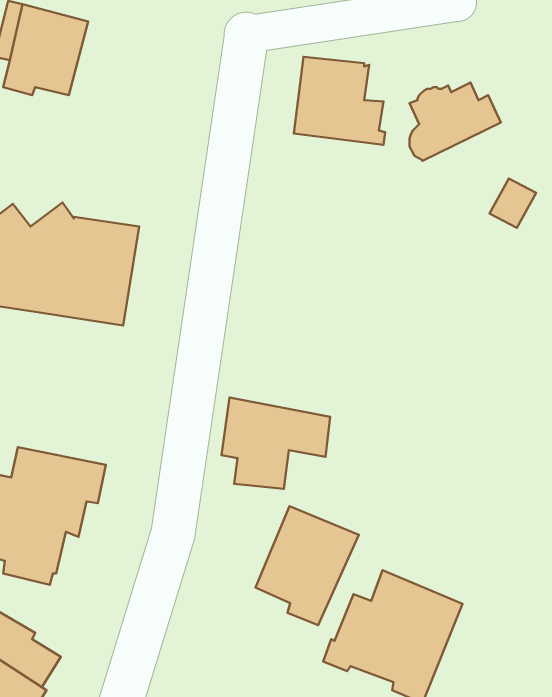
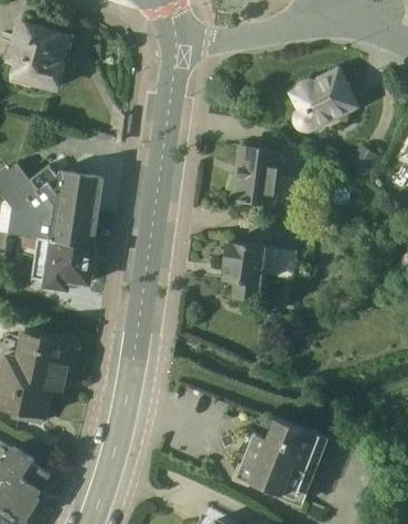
building: [294,57,385,145] -> [233,146,296,206]
building: none -> [31,237,97,291]
building: [222,397,330,489] -> [219,238,294,301]
building: [255,506,359,625] -> none

